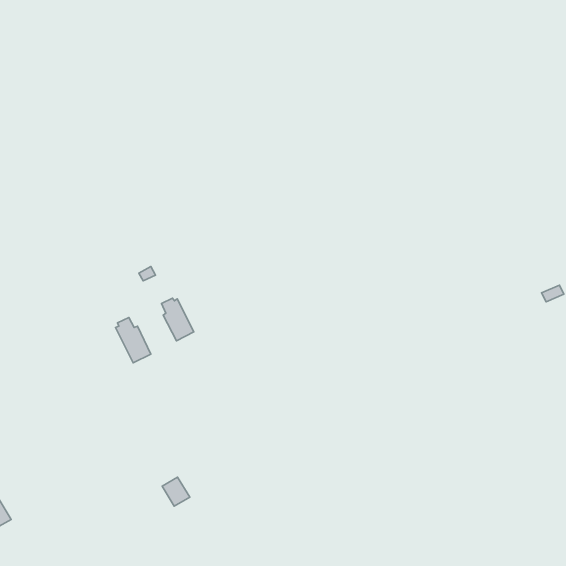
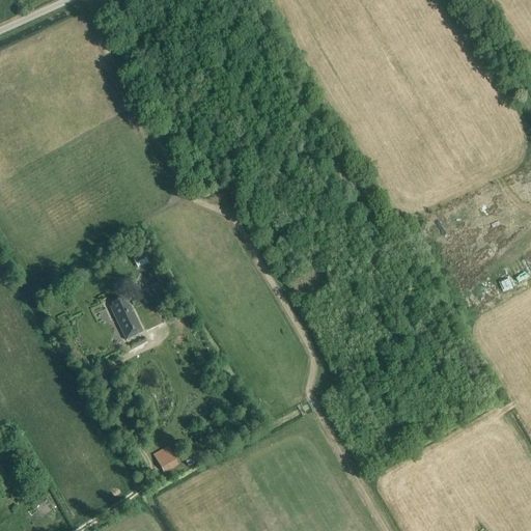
building: [162,298,194,341] -> none

